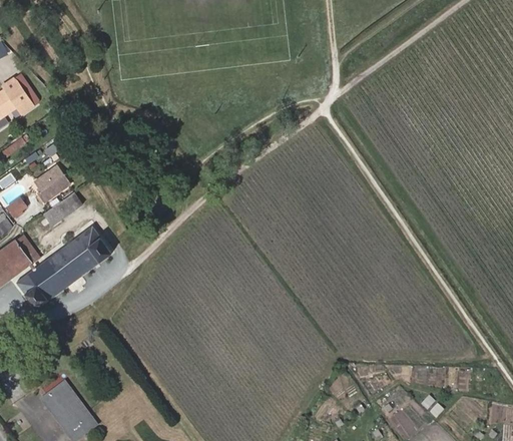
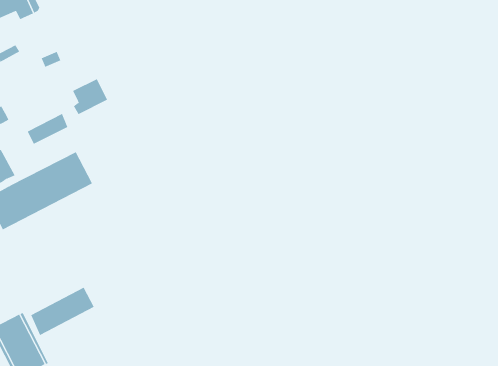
building: [35,165,69,201] -> [72,78,108,115]
building: none -> [30,287,95,336]

